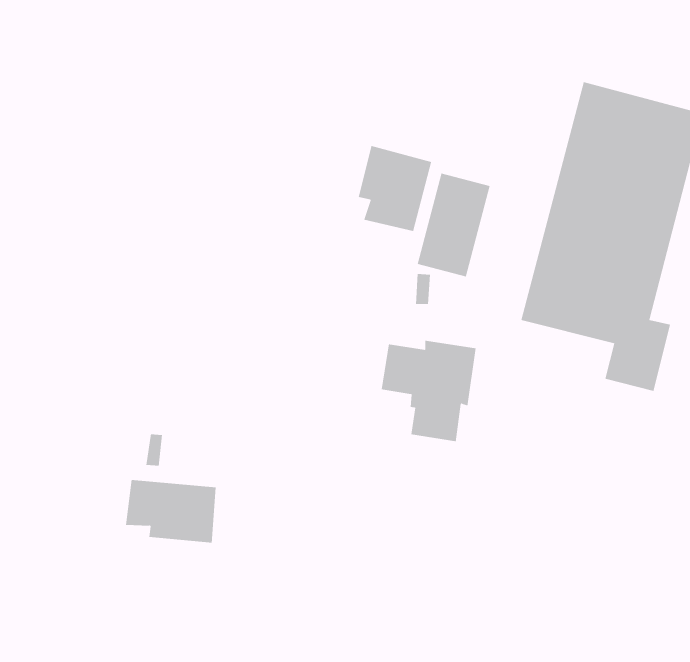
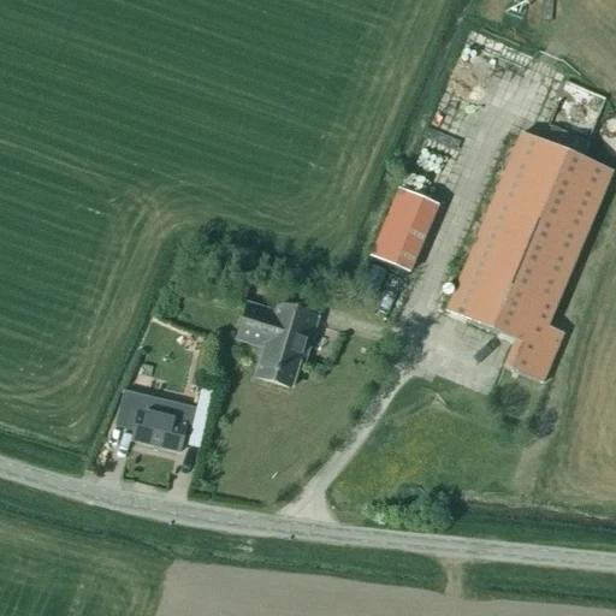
building: [358,145,432,232] -> none
building: [381,340,477,442] -> [238,301,318,385]

